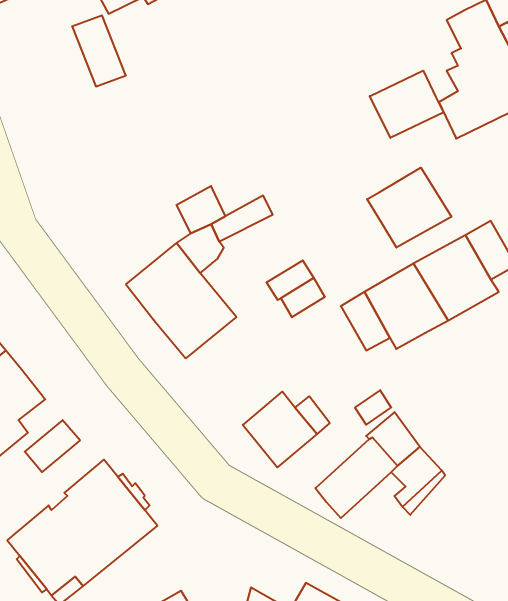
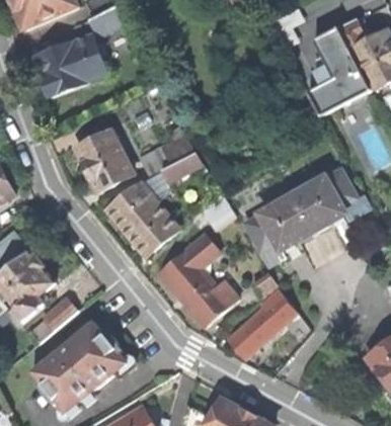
building: none -> [34,44,87,95]
building: [370,71,444,138] -> none
building: none -> [76,131,132,191]
building: [367,168,451,248] -> none
building: none -> [159,234,219,299]

